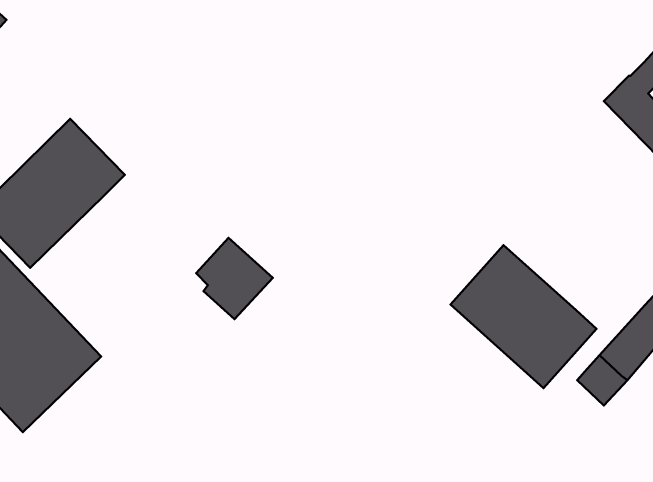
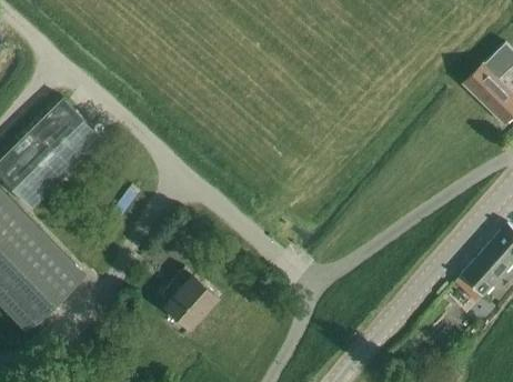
building: [196,238,273,319] -> [161,269,219,330]
building: [451,245,596,388] -> none

